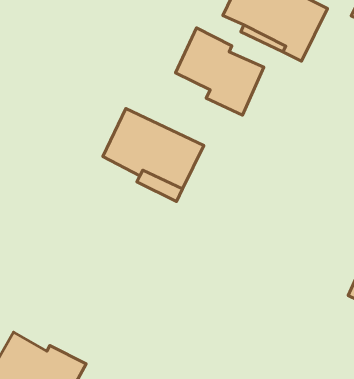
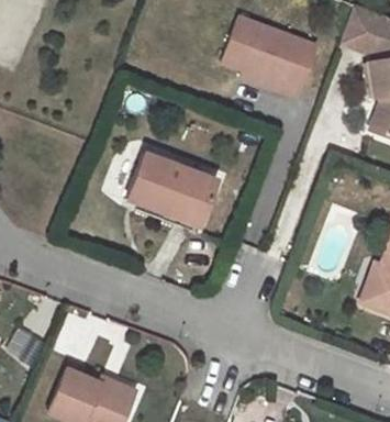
building: [175,28,264,115] -> none

